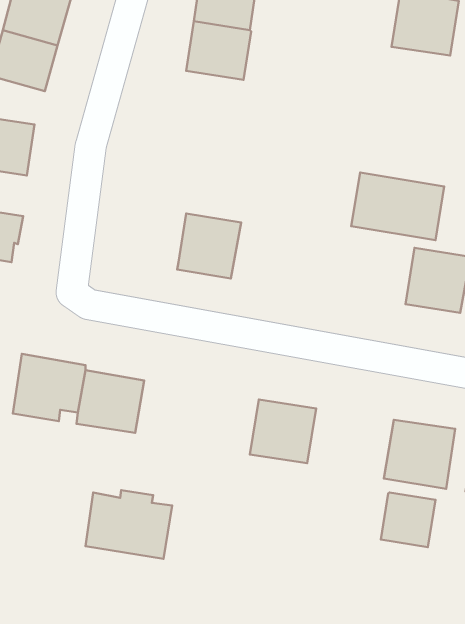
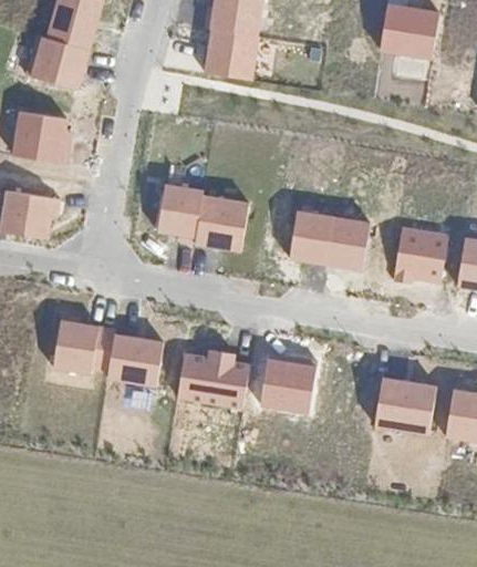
building: [351,173,444,240] -> [290,209,371,268]
building: none -> [157,184,204,238]
building: [86,490,172,559] -> [177,349,252,409]
building: [381,493,436,547] -> none

